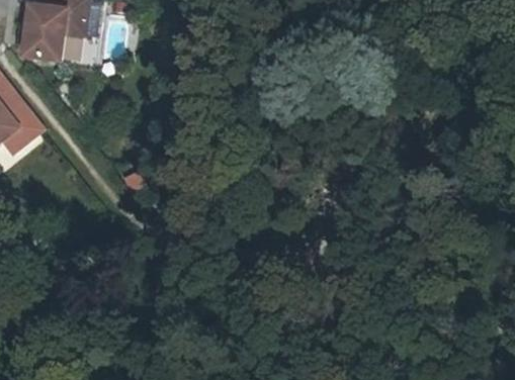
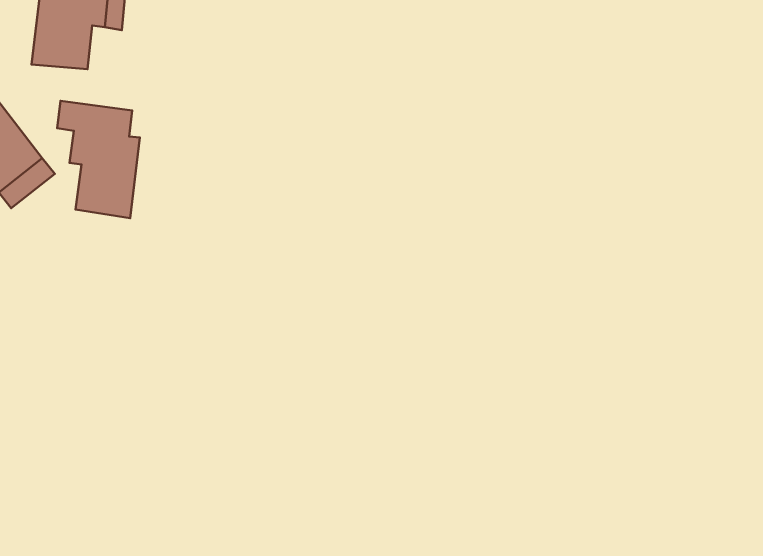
building: none -> [57,101,140,218]

